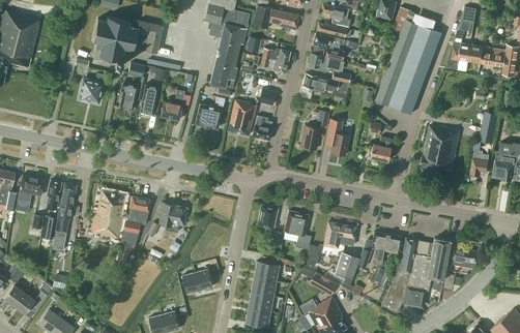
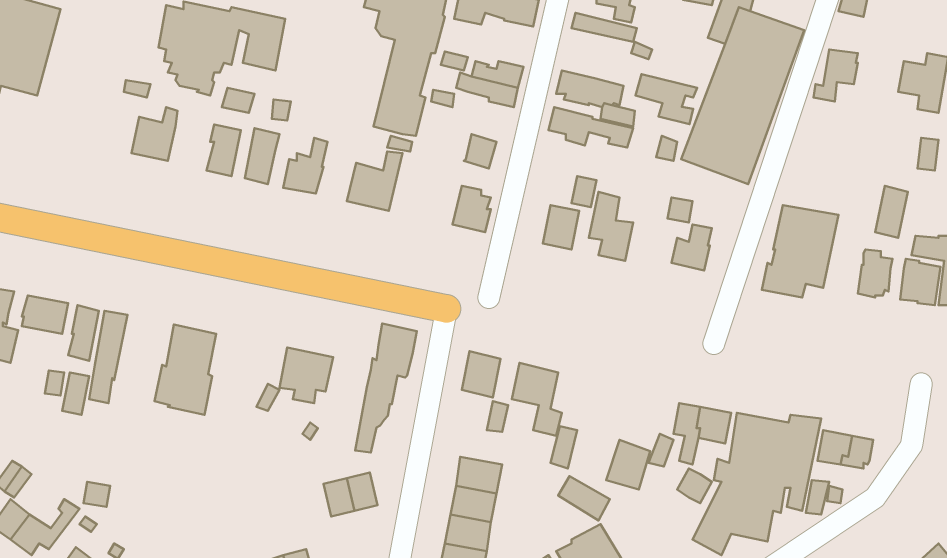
building: [313,32,346,59] -> [636,74,697,124]
building: [468,43,495,64] -> none
building: [228,99,256,134] -> none
building: [117,195,150,265] -> [355,324,417,452]
building: [323,221,356,247] -> none

